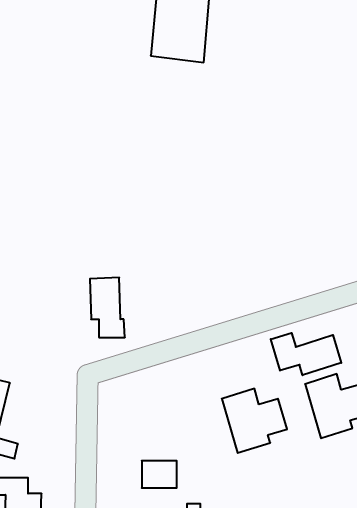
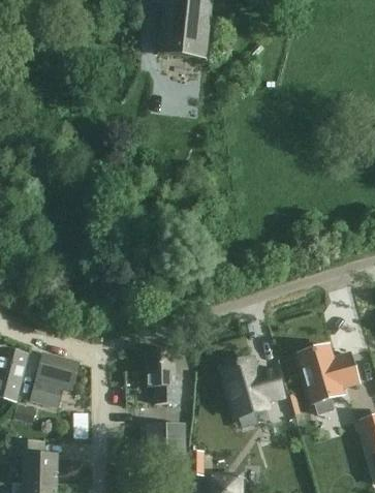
building: [90,278,125,337] -> [147,349,179,404]
building: [271,333,341,375] -> none
building: none -> [31,355,77,408]

